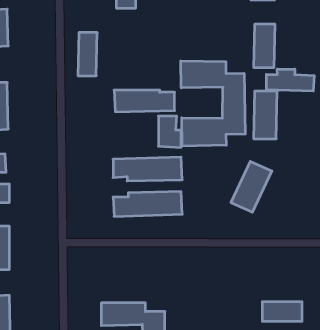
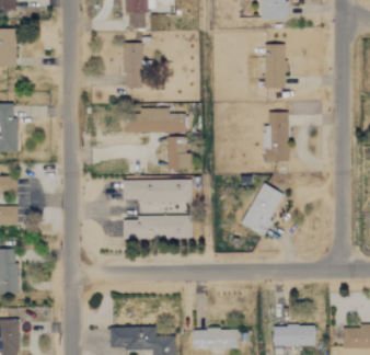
building: [78,33,97,76] -> [124,43,143,87]
building: [181,61,245,146] -> none
building: [266,69,314,91] -> none
building: none -> [194,328,238,348]

